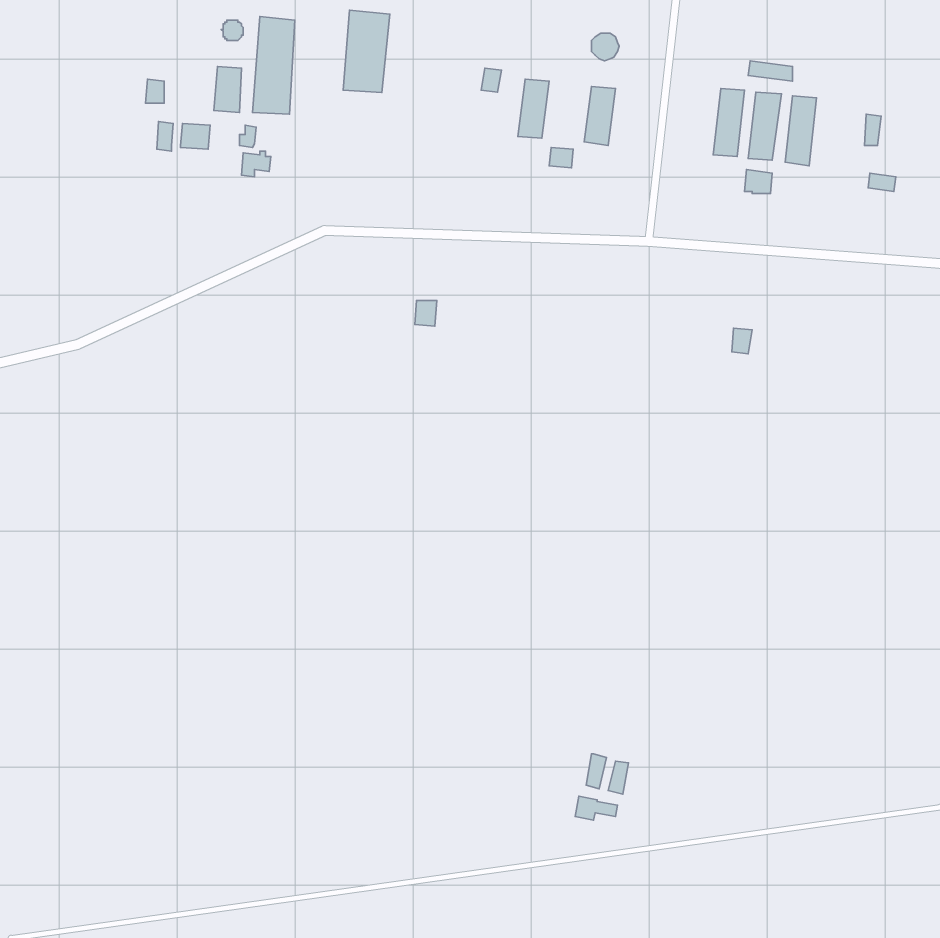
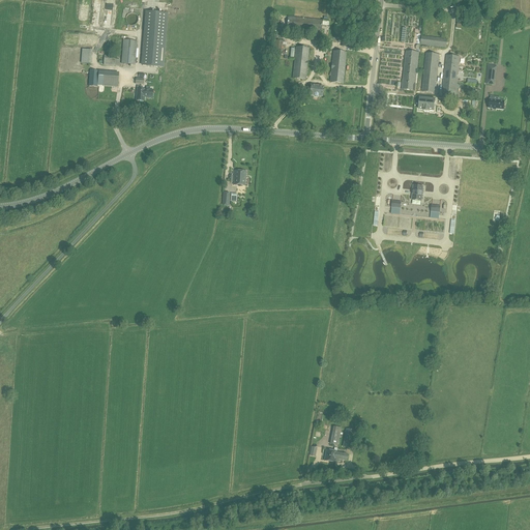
building: [343,10,390,92] -> none
building: none -> [286,14,324,31]

